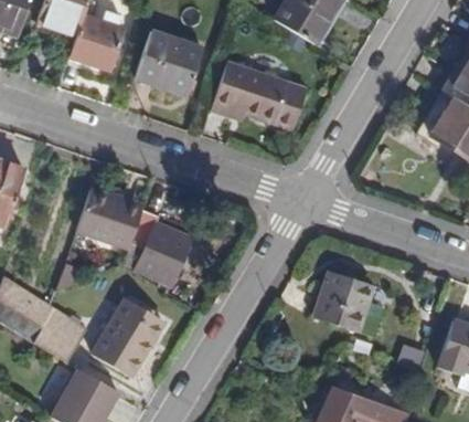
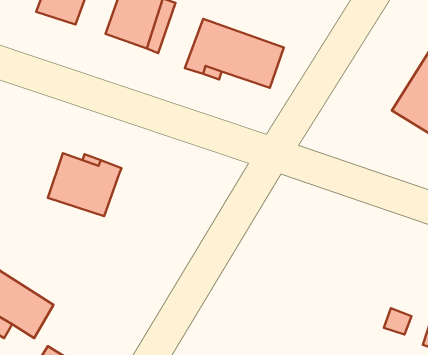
building: [126,208,194,284] -> none
building: [313,271,375,336] -> none
building: [96,296,167,374] -> none

